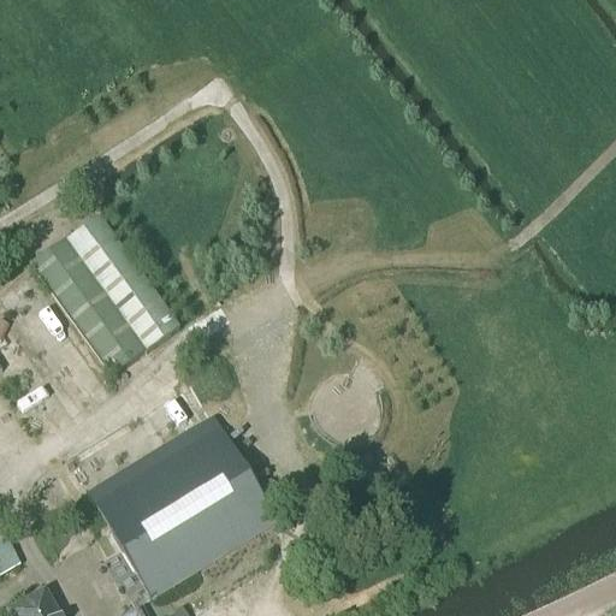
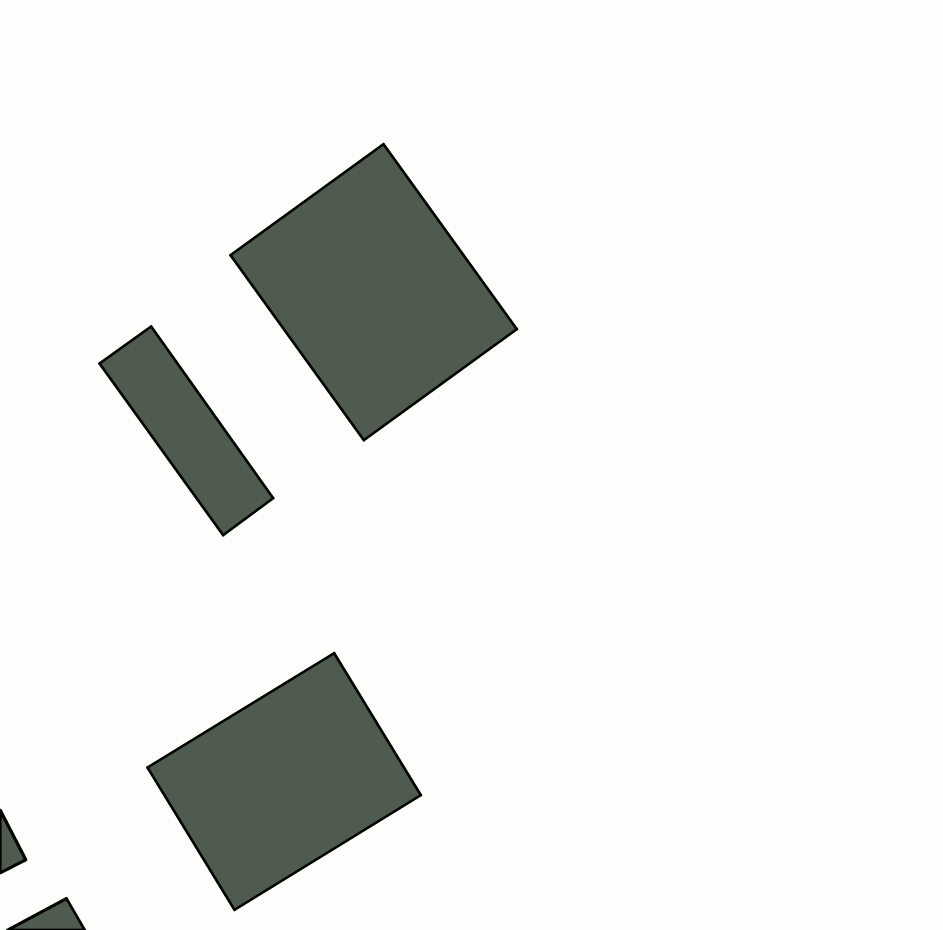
building: none -> [230,144,517,440]
building: [31,237,146,373] -> none

